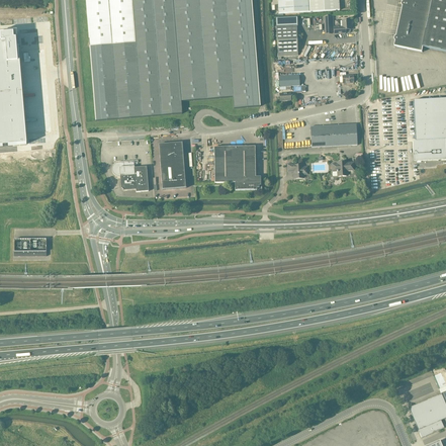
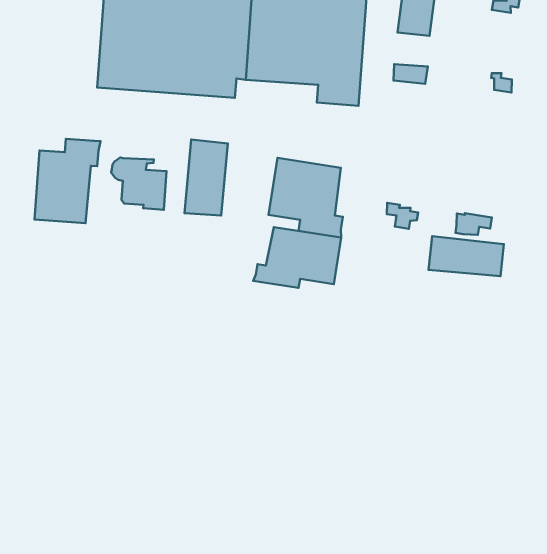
building: [310,122,357,146] -> [429,236,504,276]
building: none -> [34,139,100,223]
building: none -> [253,227,341,288]

